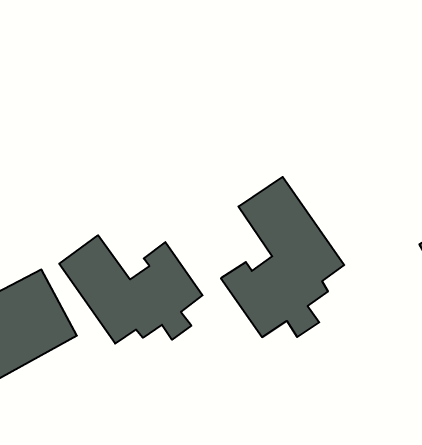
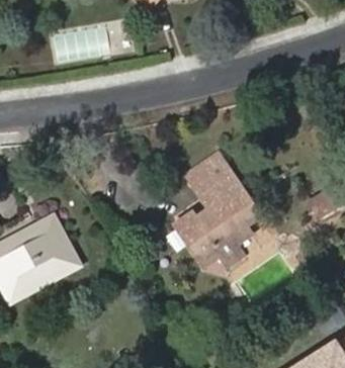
building: [59,235,203,344] -> none

